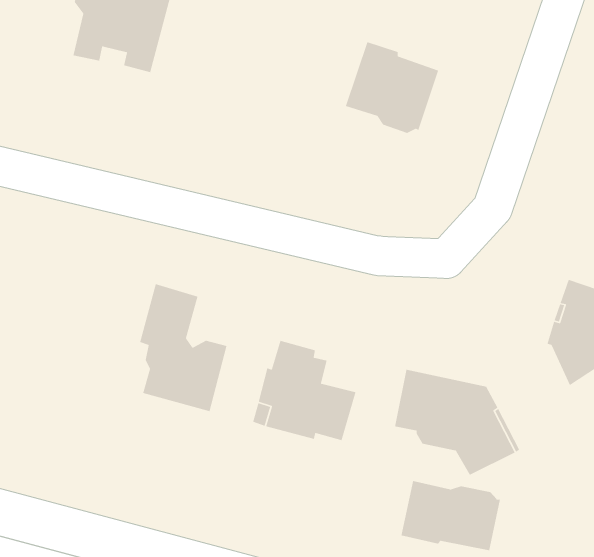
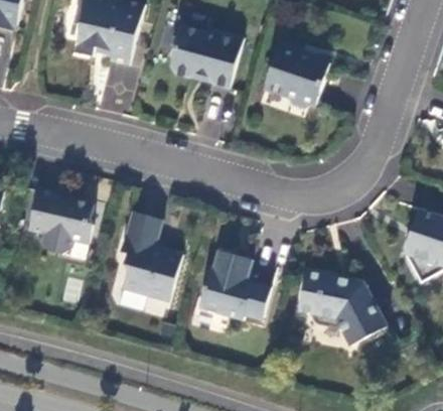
building: none -> [169,25,243,89]
building: none -> [28,188,93,254]
building: [401,480,501,551] -> none

